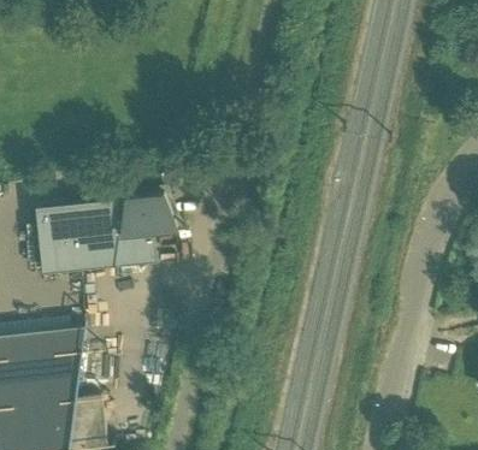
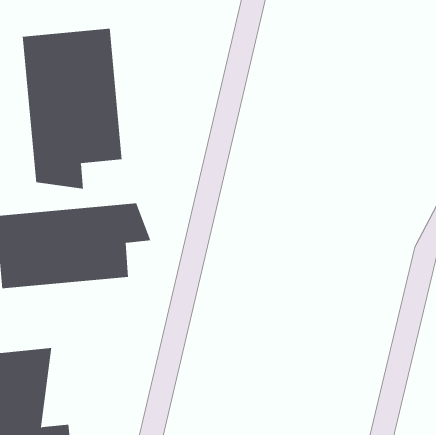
building: none -> [22,28,122,190]

